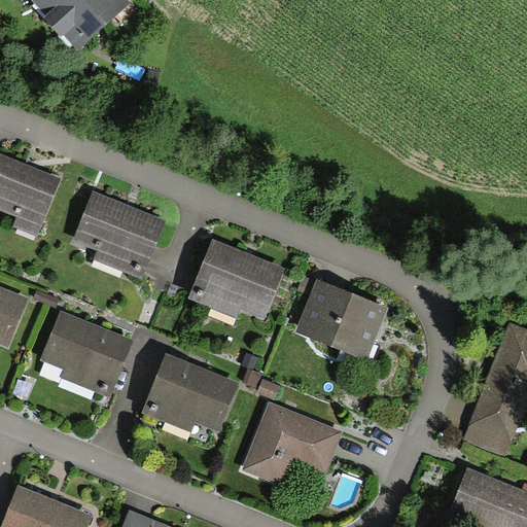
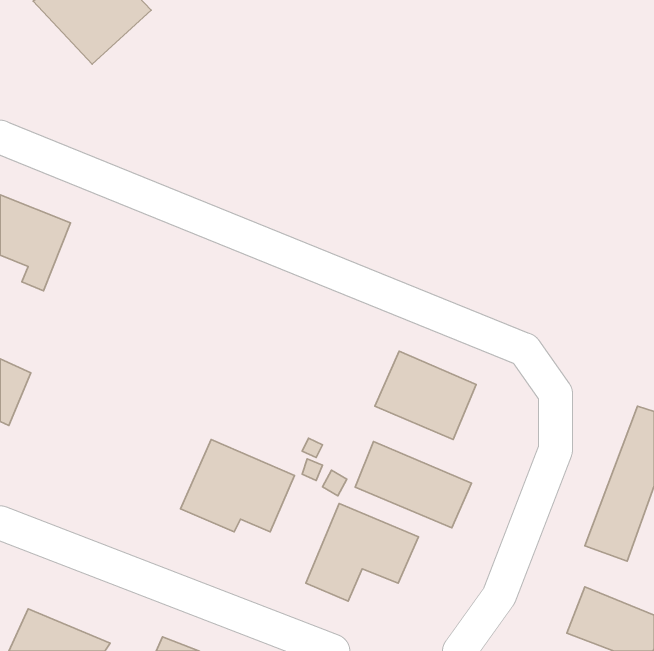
building: [76,195,162,274] -> none
building: [195,244,280,316] -> none
building: [45,312,130,391] -> none
building: none -> [355,442,471,528]

